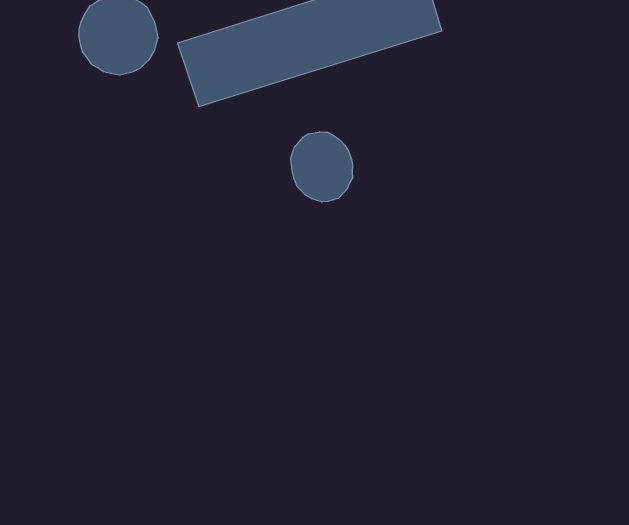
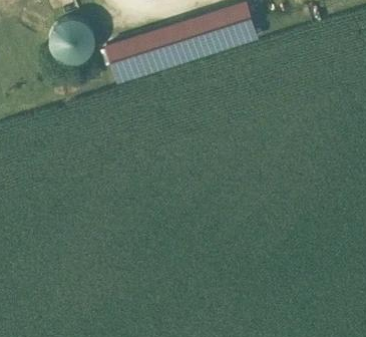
building: [291,132,353,202] -> none

